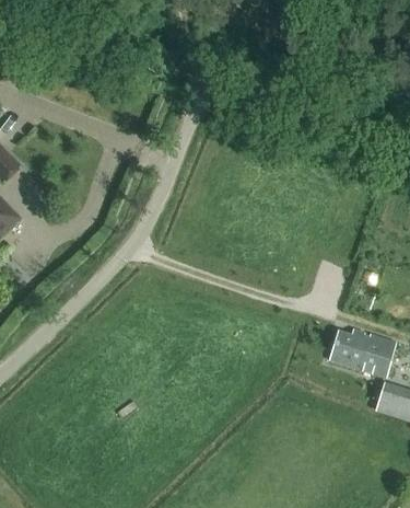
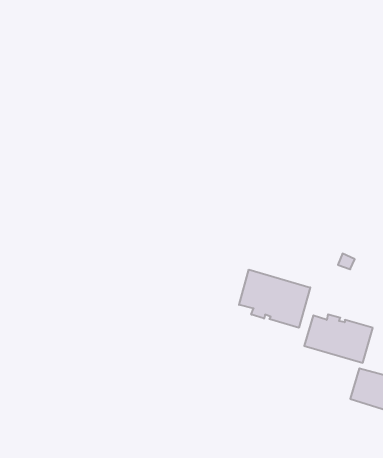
building: none -> [239,270,310,328]

